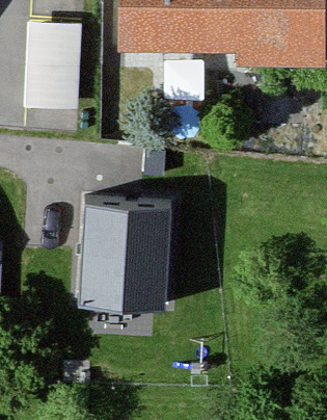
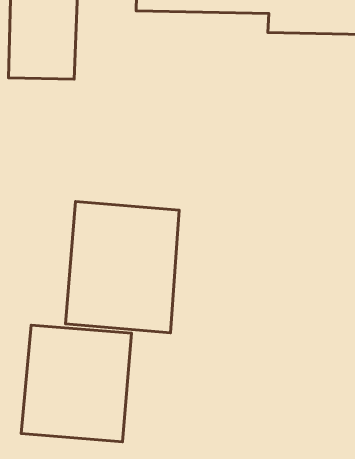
building: none -> [21,325,132,442]

